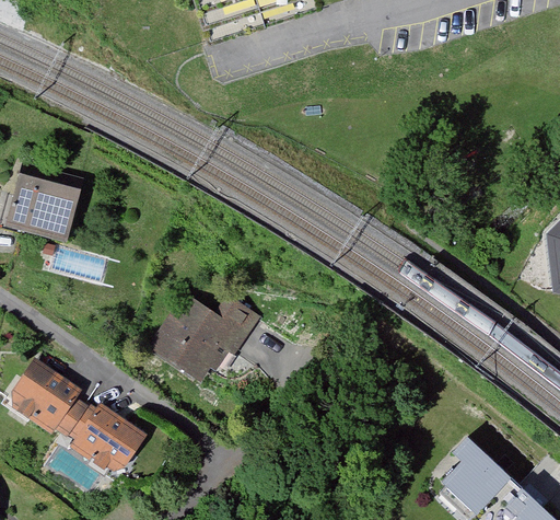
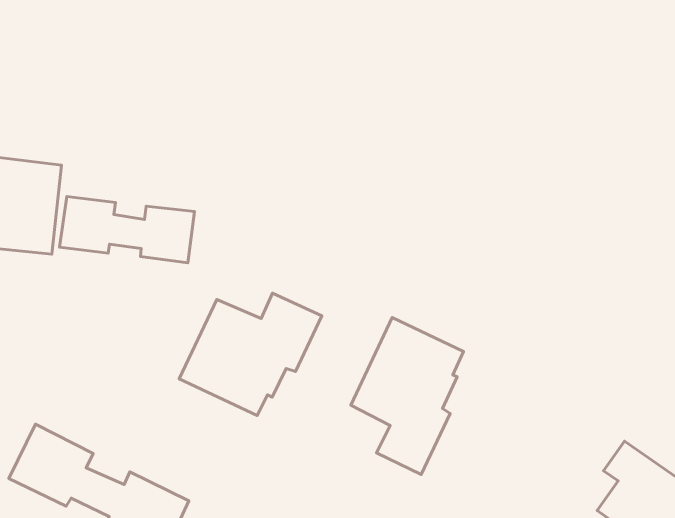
building: none -> [59,196,194,263]
building: none -> [351,317,463,475]

